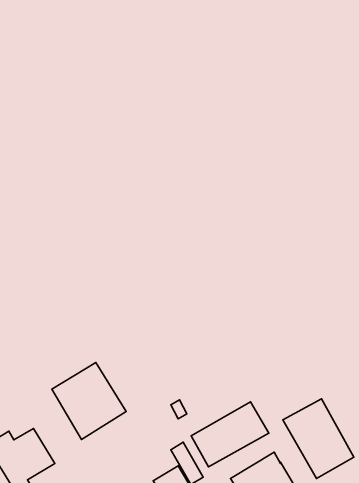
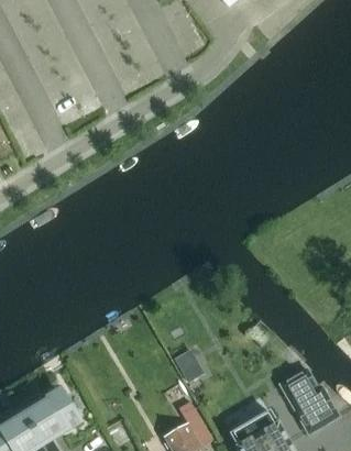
building: [52,362,126,439] -> none
building: [191,402,269,467] -> none

